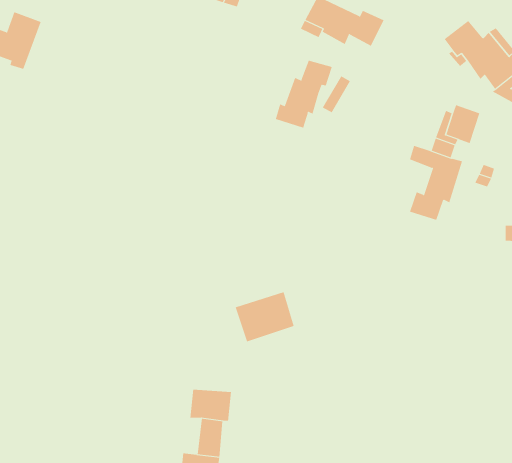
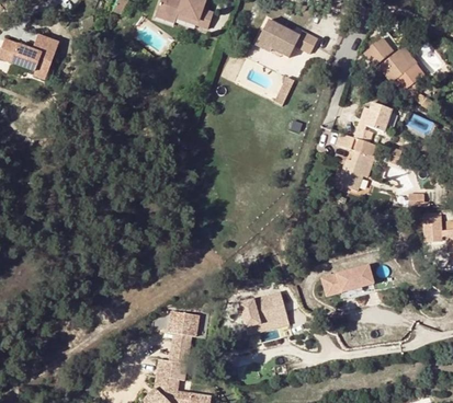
building: [275,60,332,128] -> none
building: [235,291,294,342] -> [245,291,290,330]
building: none -> [320,266,374,298]

